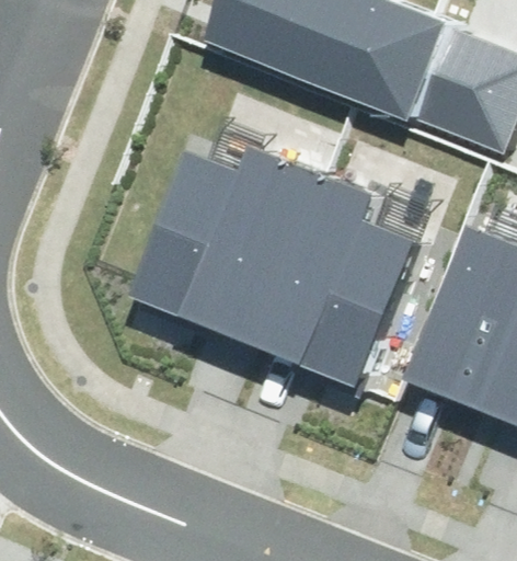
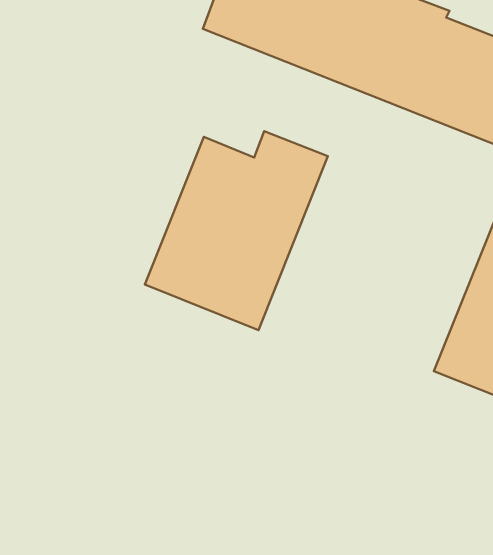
building: [250,163,416,375] -> none

